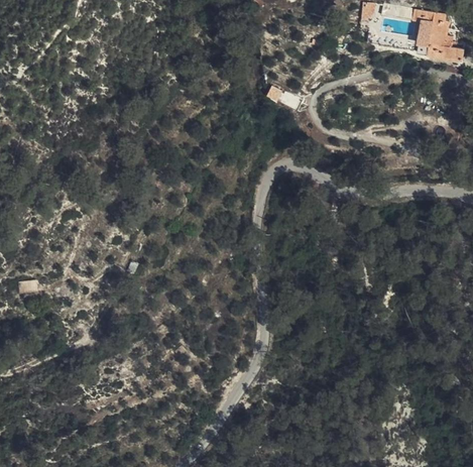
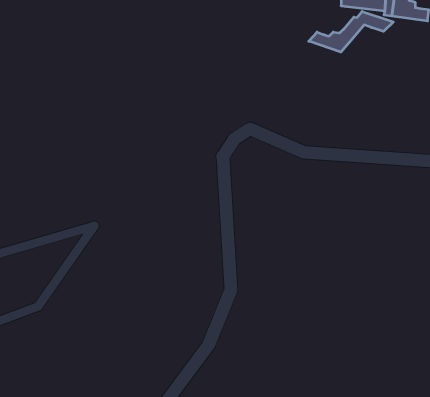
building: none -> [309,11,393,52]

